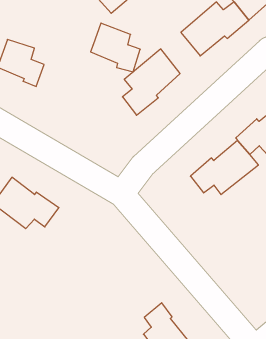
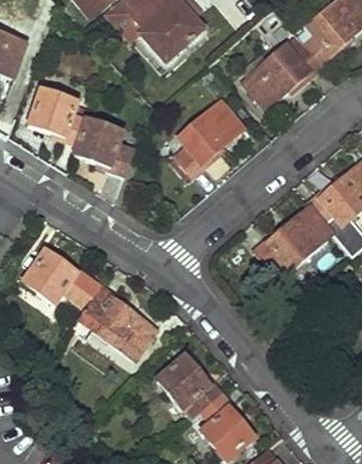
building: [91,23,140,72] -> [73,119,130,175]
building: none -> [71,283,154,357]
building: none -> [156,356,221,419]

